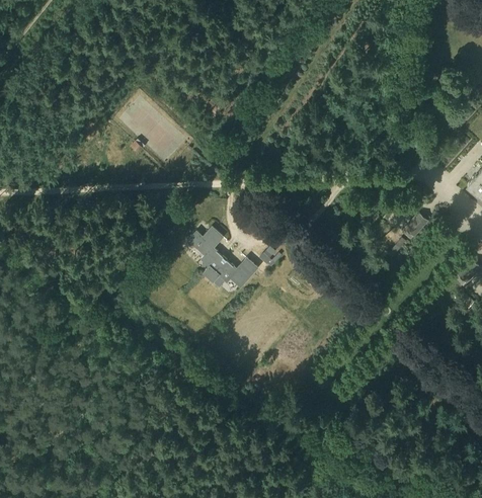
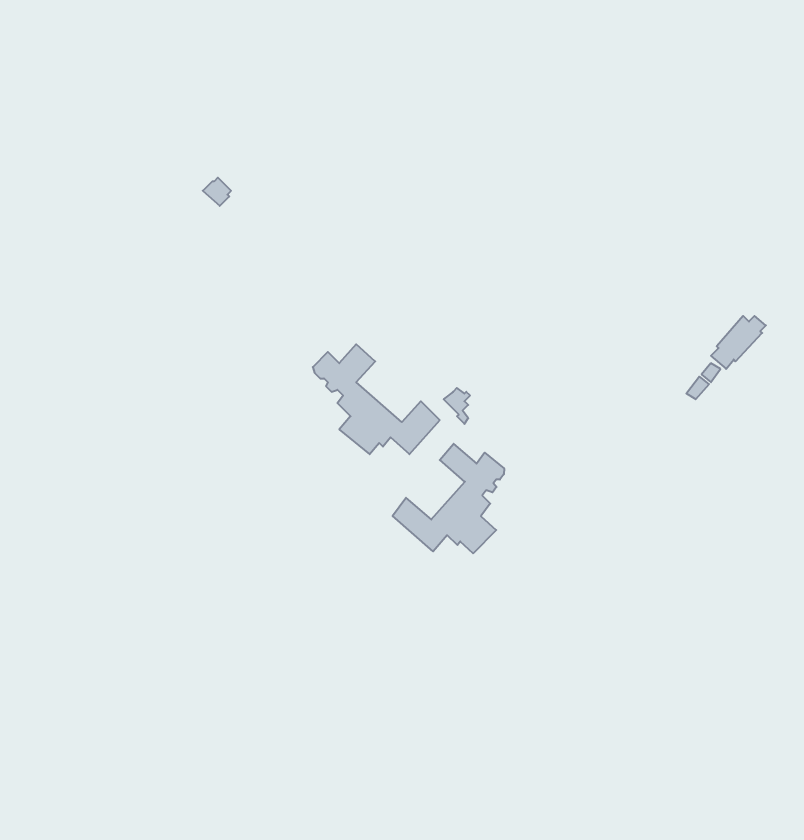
building: none -> [393,444,504,553]

